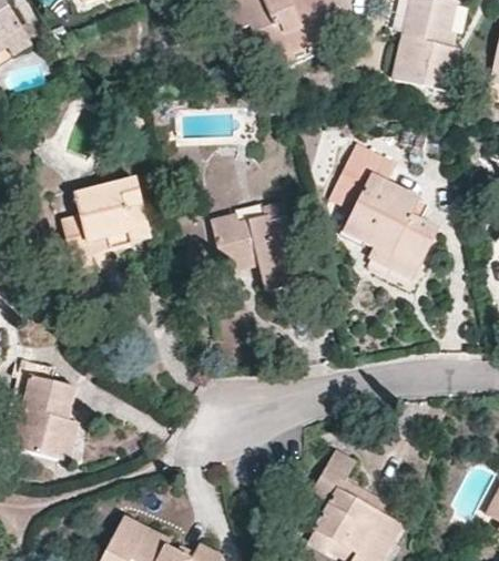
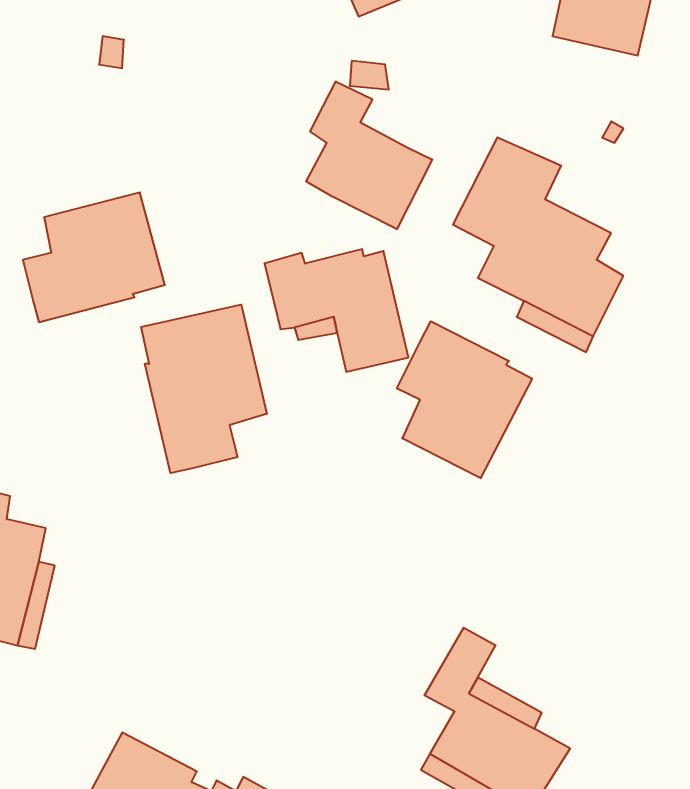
building: none -> [306,81,432,229]
building: none -> [141,305,267,473]
building: none -> [397,321,532,478]

